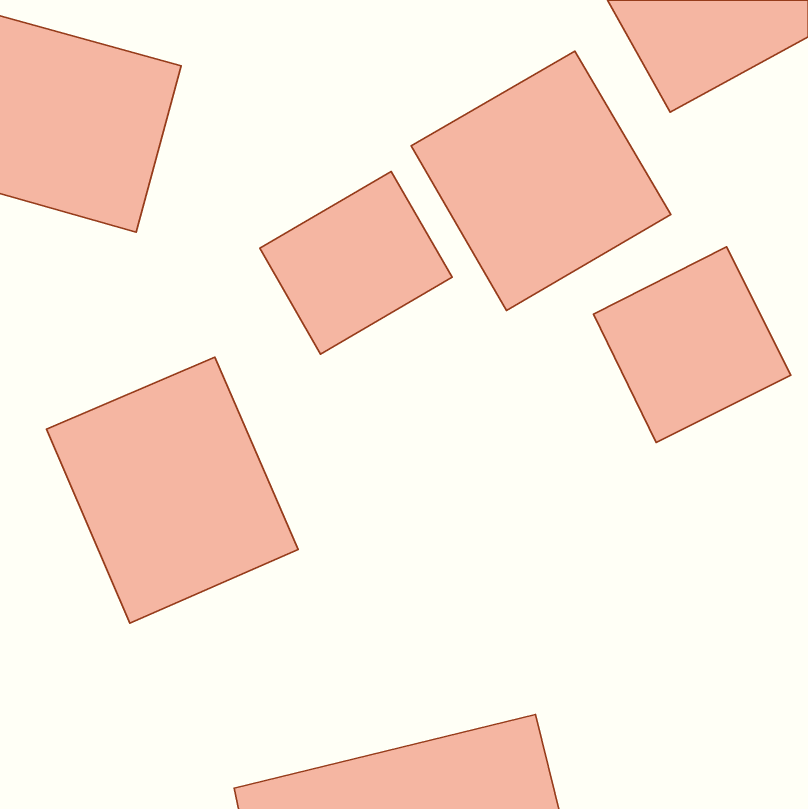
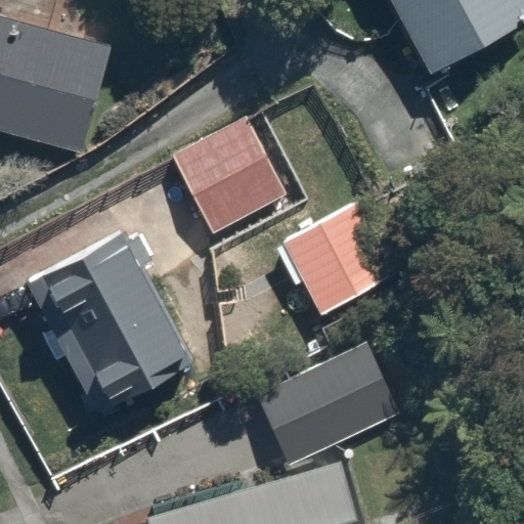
building: [411,51,671,311] -> none
building: [594,247,791,442] -> [274,199,400,323]
building: none -> [257,351,389,460]

